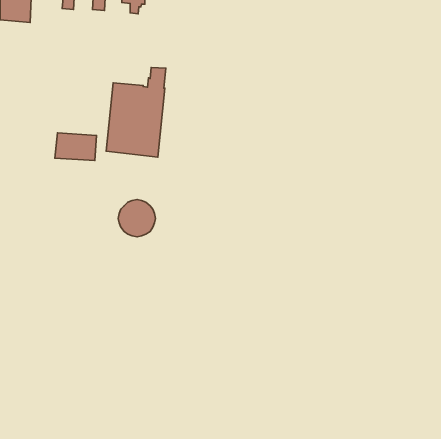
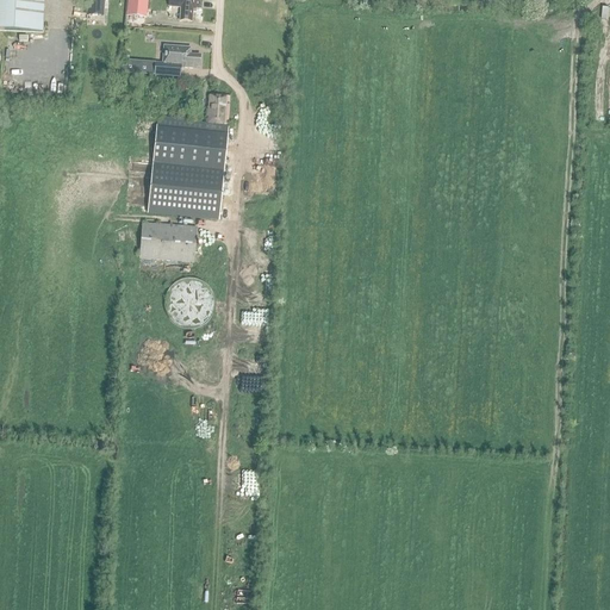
building: none -> [154,43,200,74]
building: [55,133,96,161] -> [138,222,195,260]

